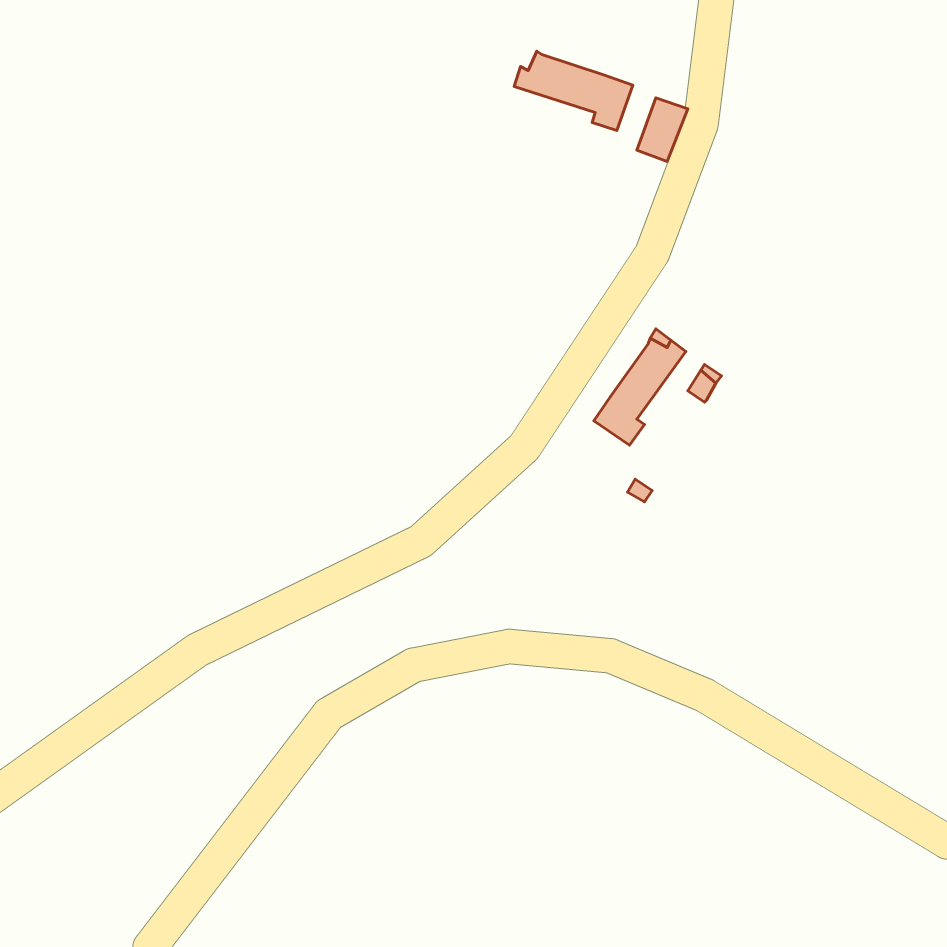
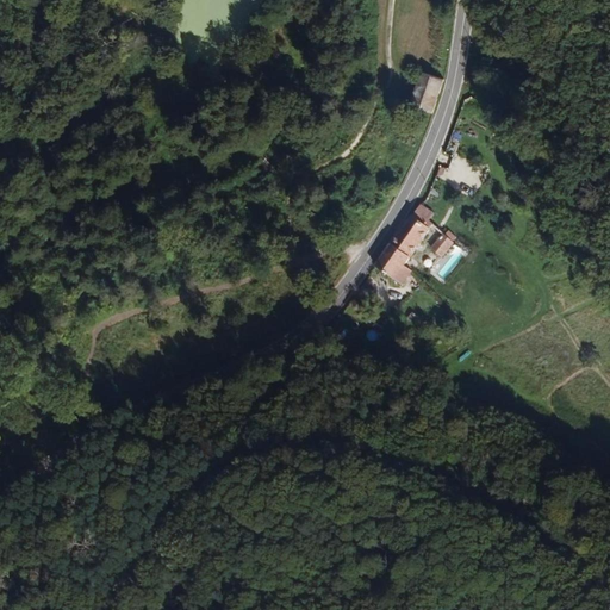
building: [514,51,633,131] -> none

